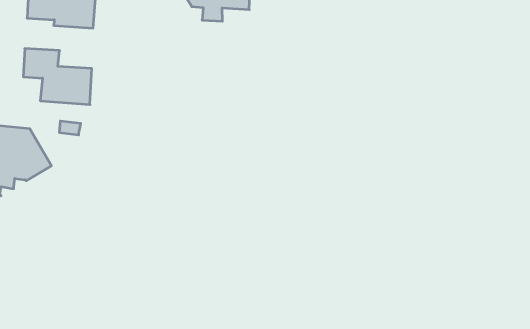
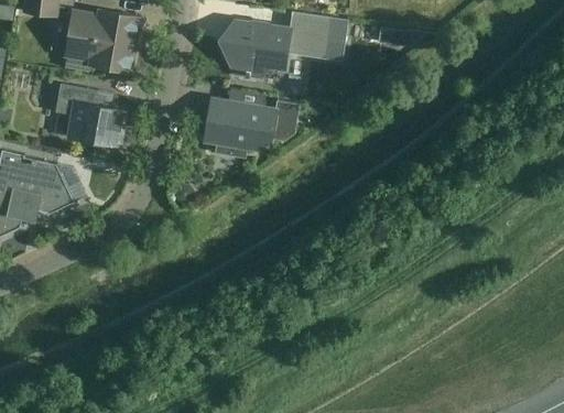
building: none -> [204,98,300,157]

